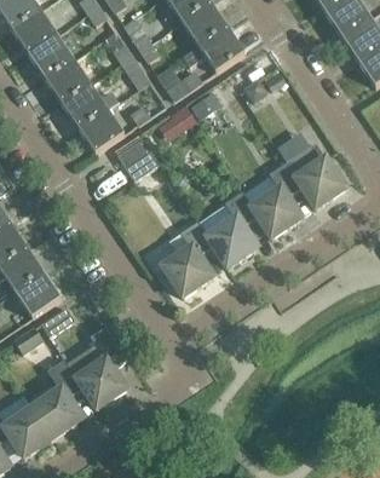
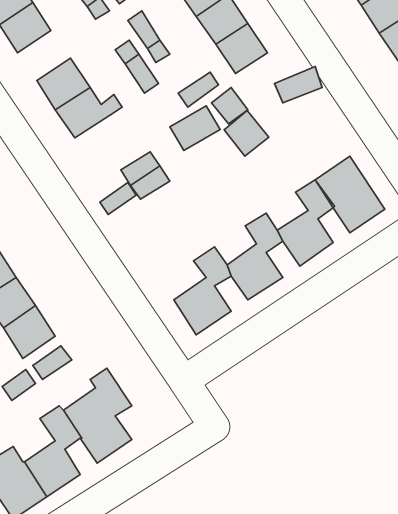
building: [27,33,73,76] -> none
building: none -> [224,110,269,156]
building: [76,106,122,151] -> none

